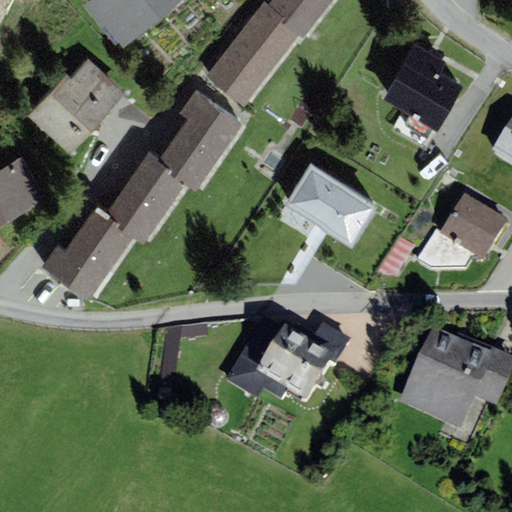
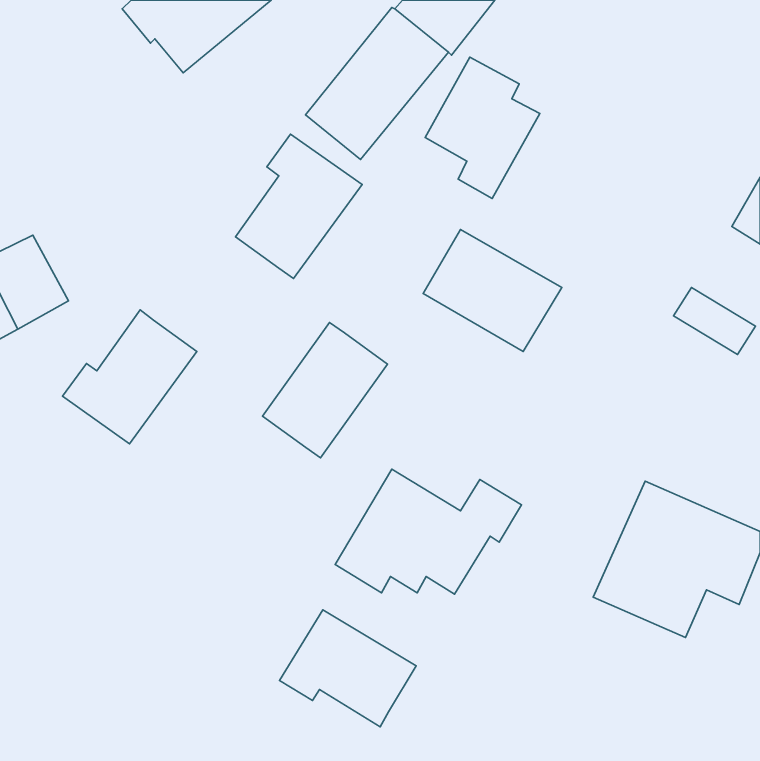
building: [383,35,460,130] -> [425,57,540,199]
building: [26,61,125,155] -> none
building: [103,152,187,243] -> [262,322,388,458]
building: [417,212,495,267] -> none
building: none -> [279,610,416,727]

